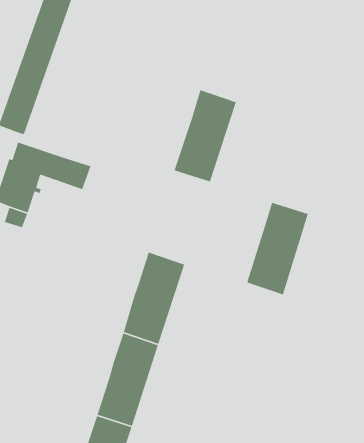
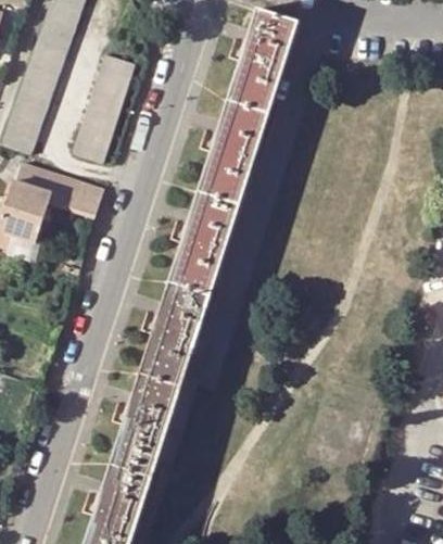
building: none -> [226,11,296,117]
building: none -> [74,54,135,163]
building: [246,202,309,295] -> [168,194,238,299]

